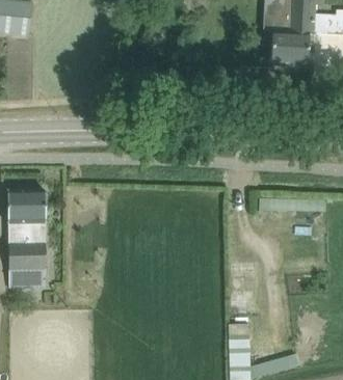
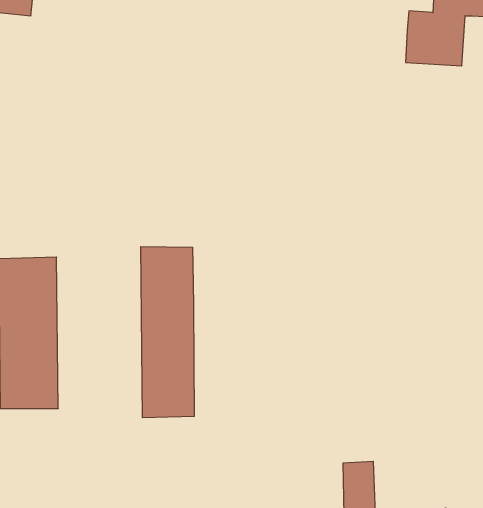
building: none -> [141,247,194,418]

